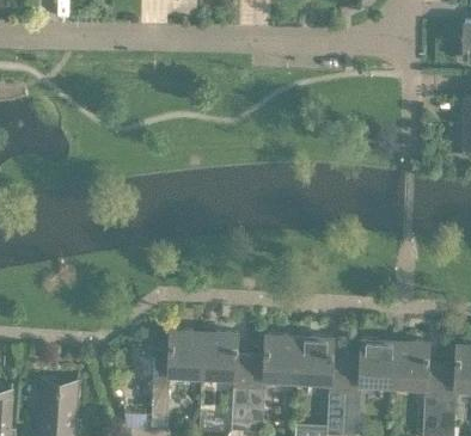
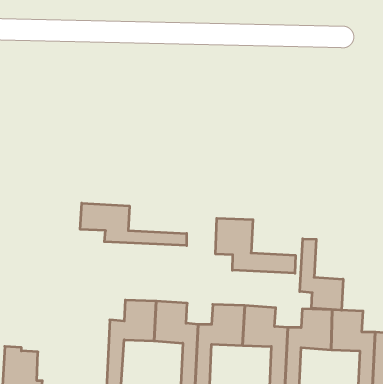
building: none -> [80,203,187,246]
building: none -> [216,218,295,273]
building: none -> [300,239,343,310]

